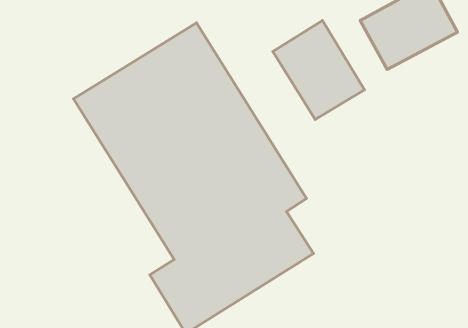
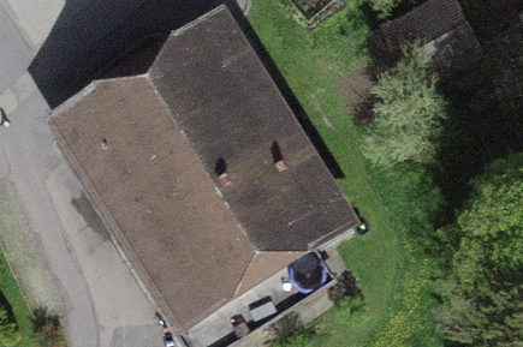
building: [273,20,364,120] -> none

